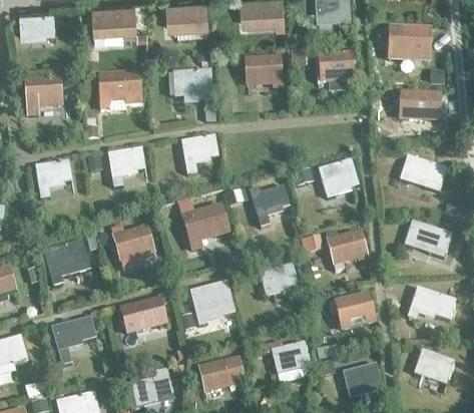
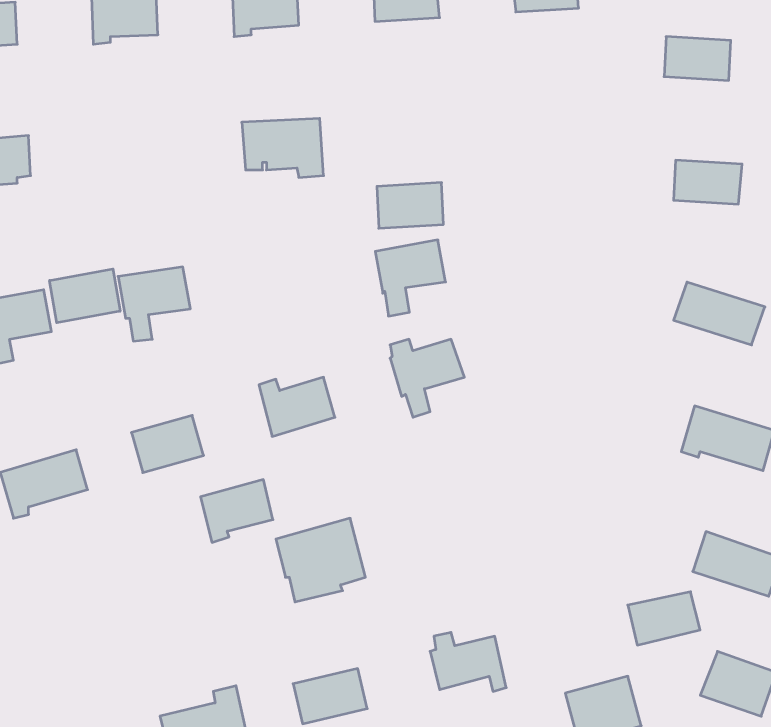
building: [319,53,354,79] -> none
building: [246,57,281,81] -> [377,183,443,228]
building: [99,75,134,102] -> none
building: [181,135,218,175] -> [375,240,446,316]
building: none -> [50,269,120,323]
building: [319,164,358,194] -> none
building: [328,232,365,261] -> none
building: [260,265,299,294] -> none
building: [335,294,373,322] -> [628,592,700,645]
building: [121,301,159,334] -> [201,480,273,542]
building: [52,317,98,349] -> none

